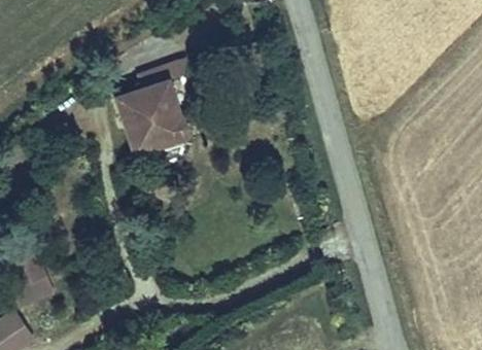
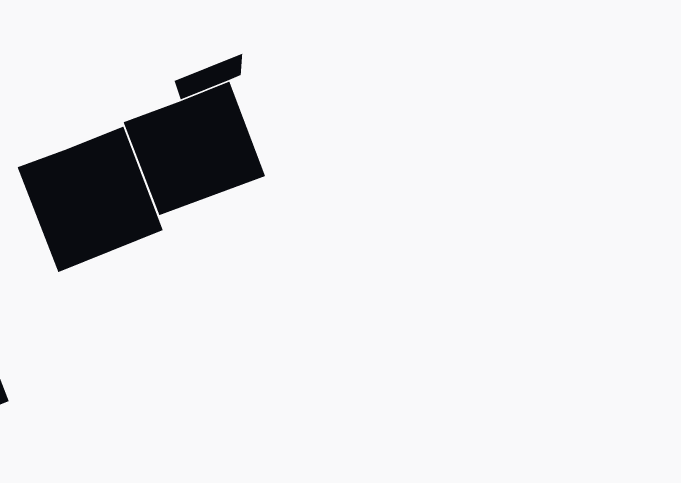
building: none -> [16,125,164,273]

